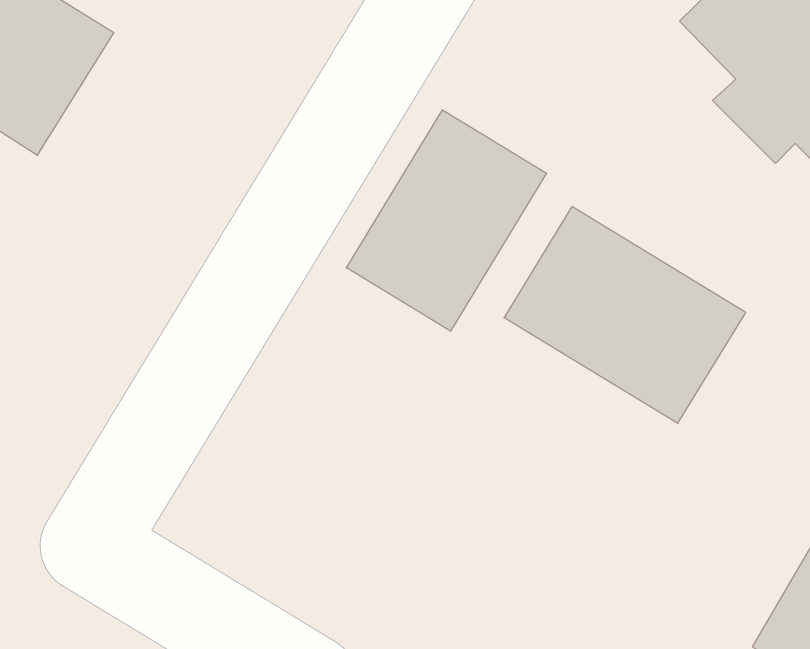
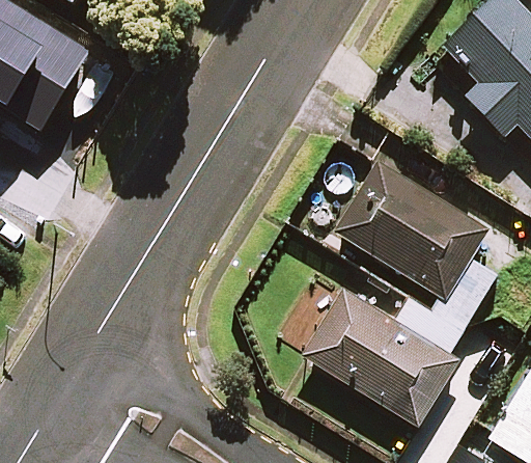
building: [346,110,547,331] -> none
building: none -> [303,287,462,427]

